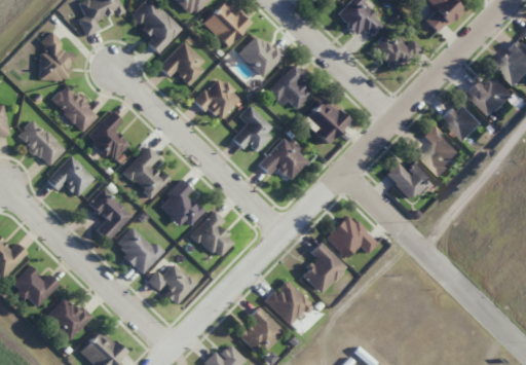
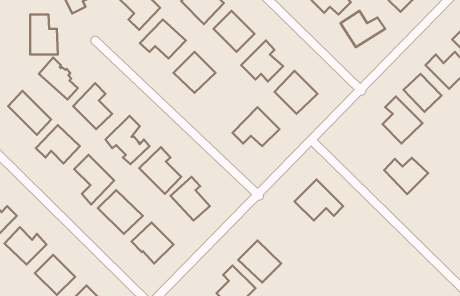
building: [232,106,276,151] -> none
building: [386,161,434,200] -> [384,158,428,194]
building: [302,243,346,294] -> none

